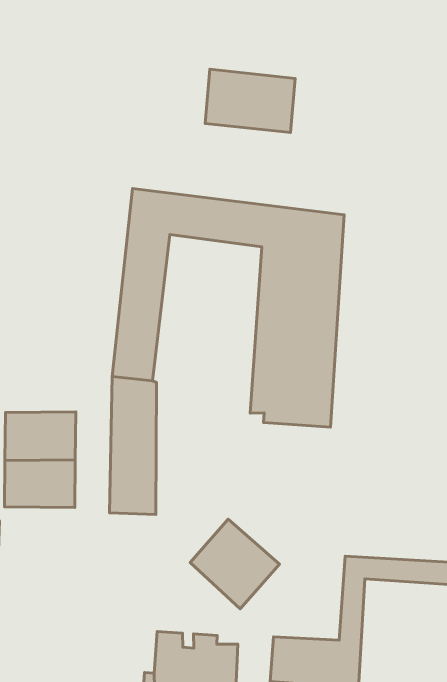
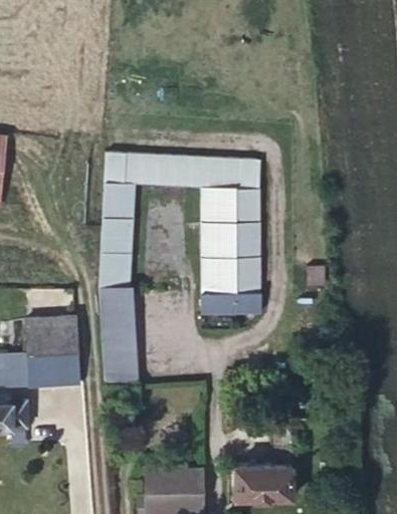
building: [205,69,295,133] -> none
building: [190,519,279,609] -> none

